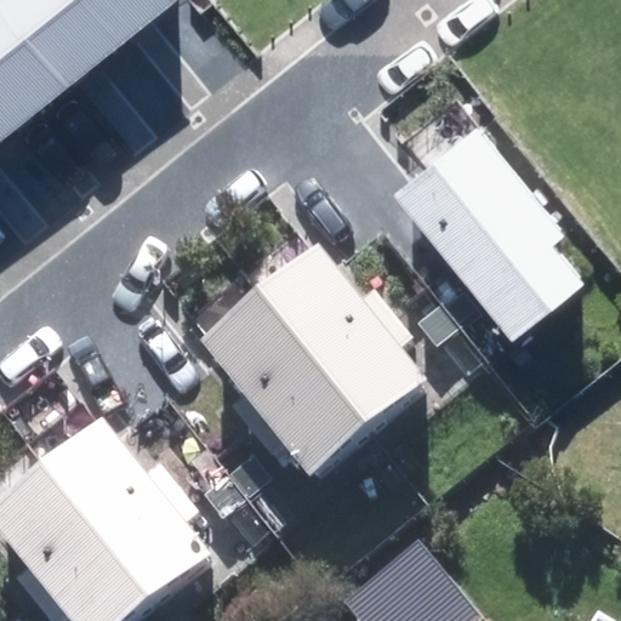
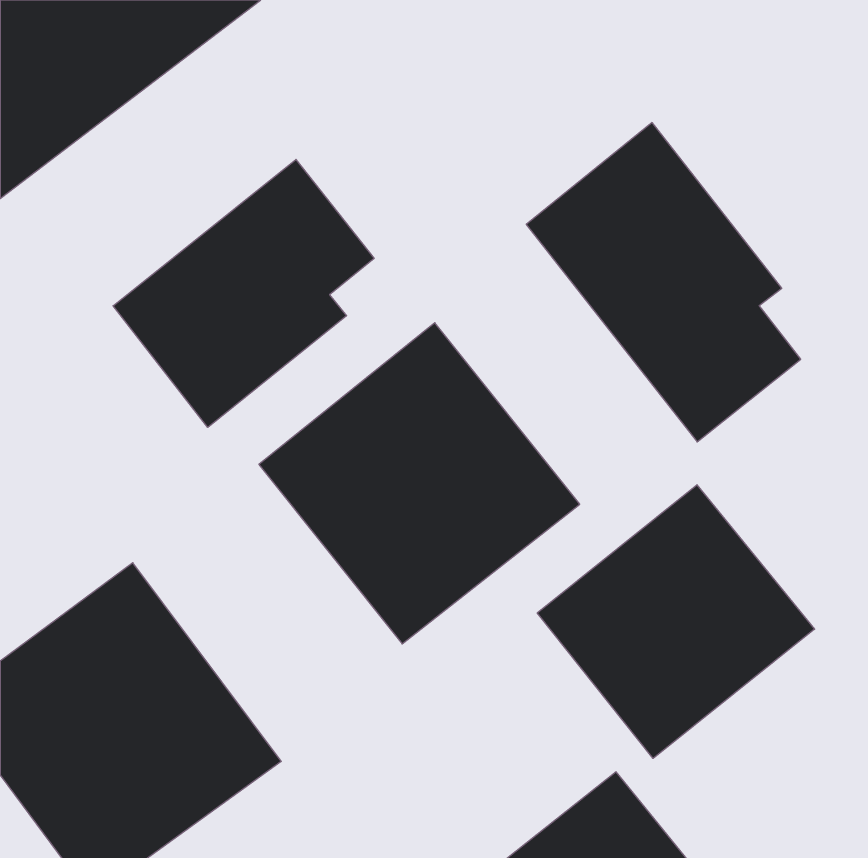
building: none -> [113,159,374,427]
building: none -> [537,485,815,758]

